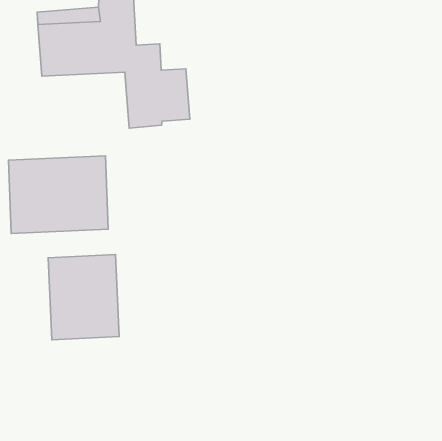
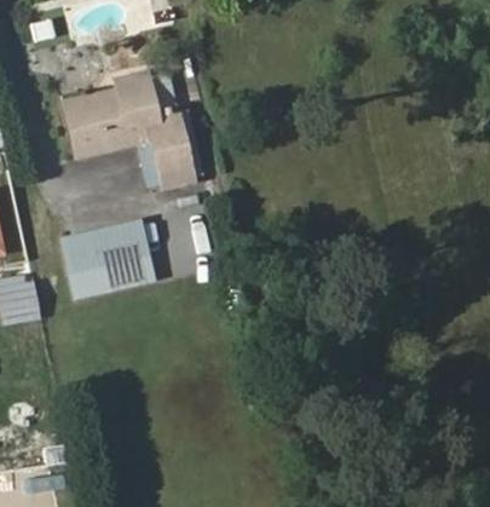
building: [48,254,119,340] -> none

